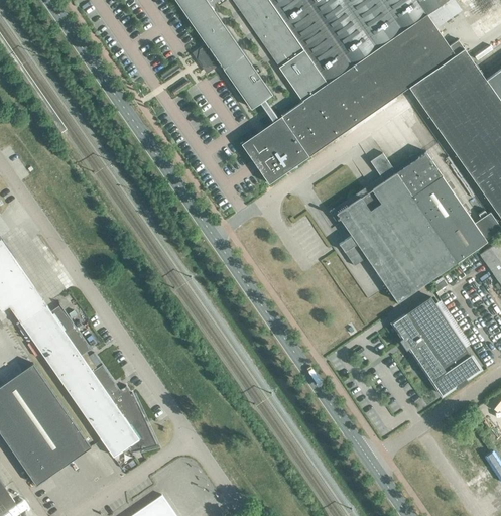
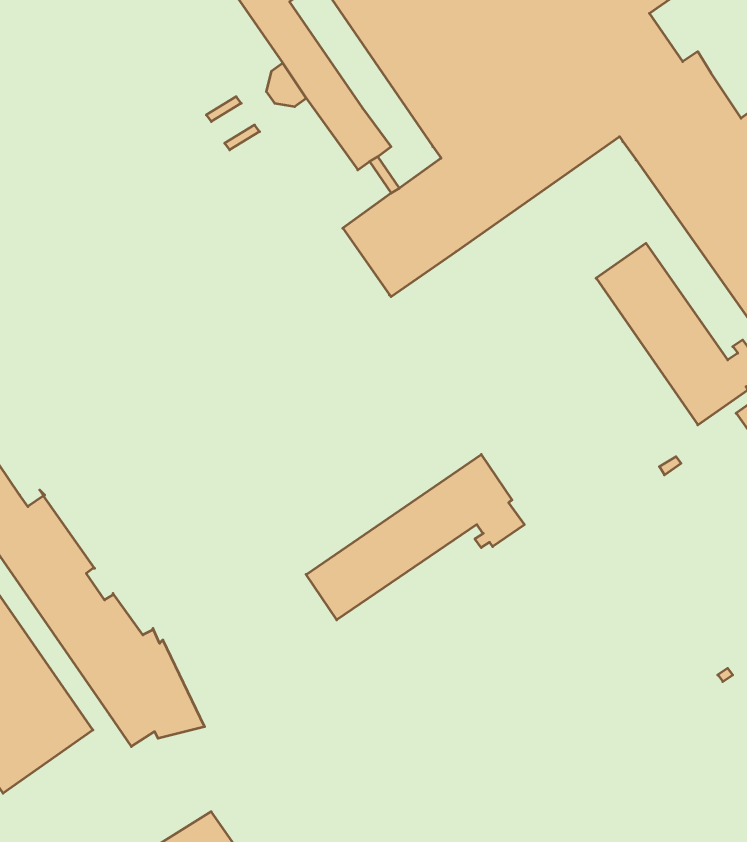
building: [329,153,457,302] -> none
building: none -> [306,454,524,620]
building: [392,297,479,395] -> none

